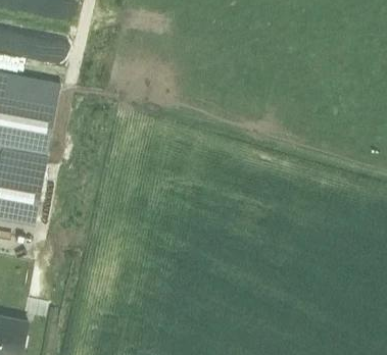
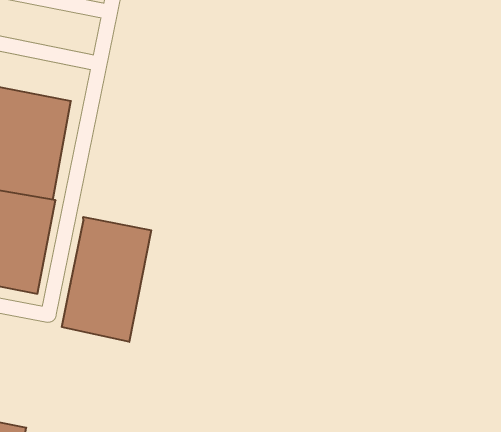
building: none -> [62,217,151,342]

